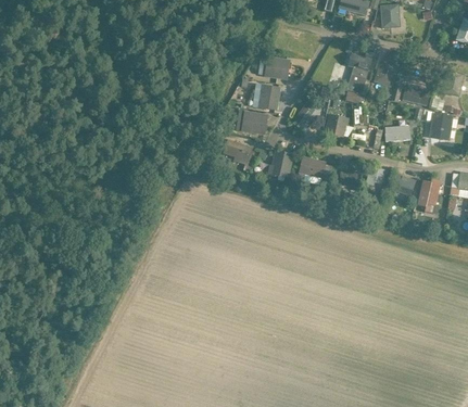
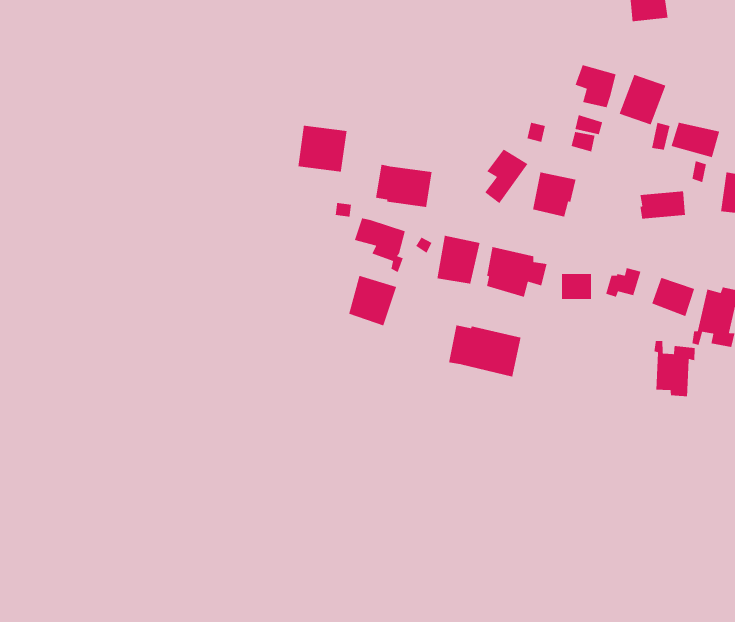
building: [258,56,290,80] -> none
building: [252,84,280,111] -> [298,125,347,173]
building: none -> [348,275,397,327]
building: none -> [448,325,521,377]
building: none -> [654,340,696,397]

